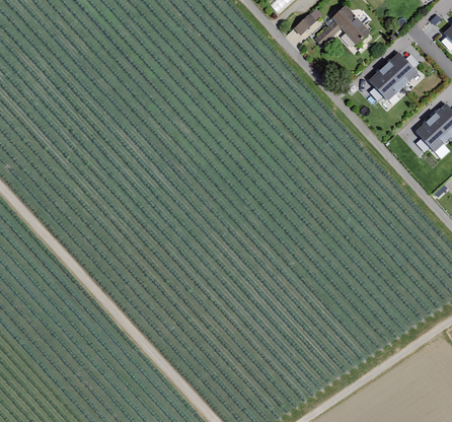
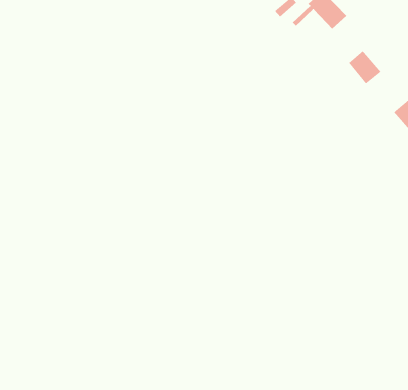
building: [386,54,421,88] -> none

